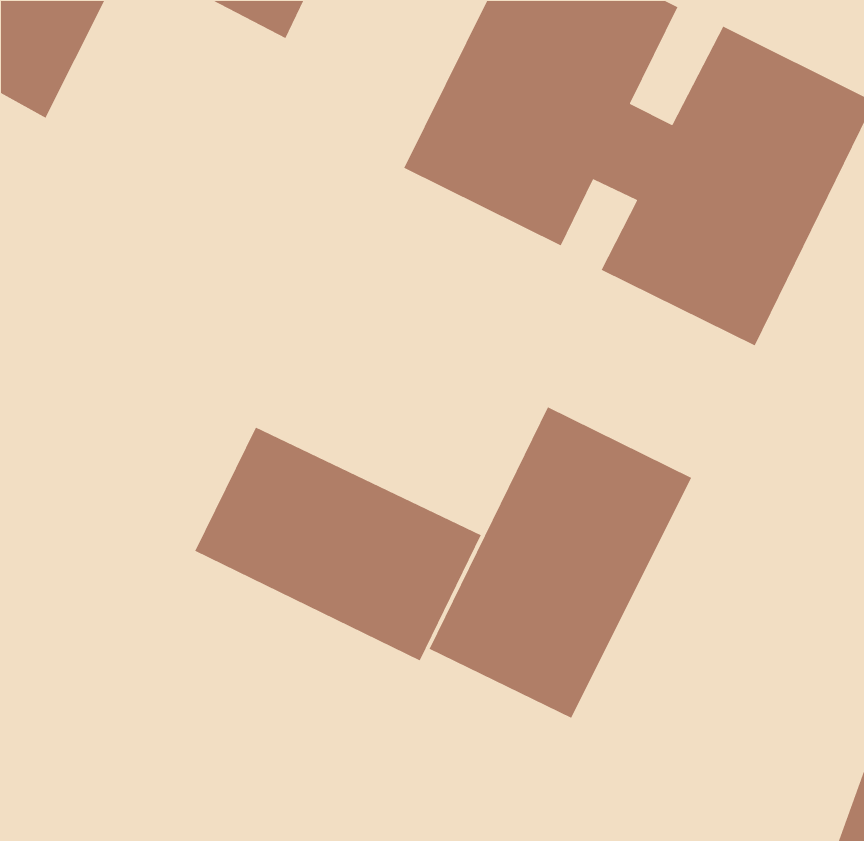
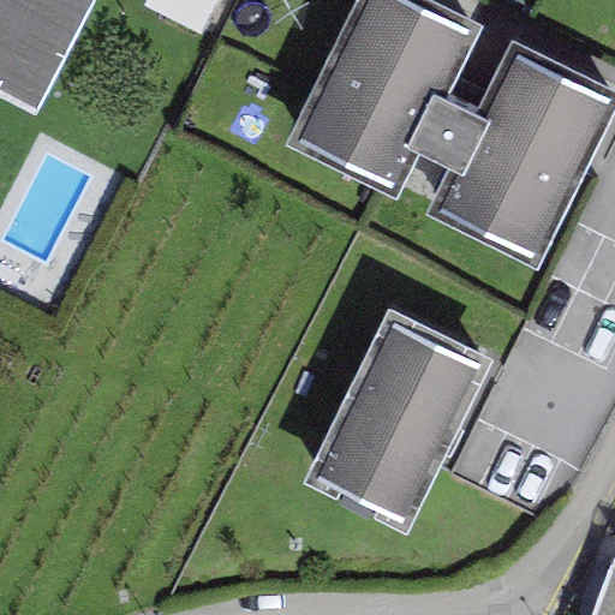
building: [194,426,482,662] -> none

